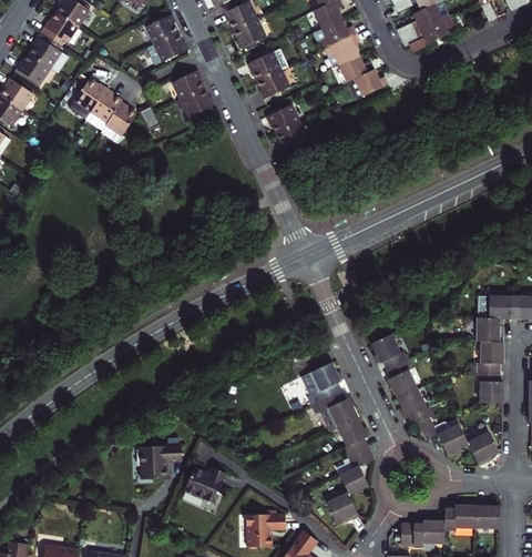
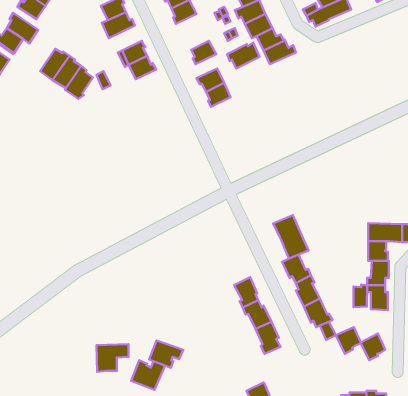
building: [246,48,286,80] -> [227,43,259,68]
building: none -> [273,215,308,259]
building: none -> [353,284,367,307]
building: none -> [149,341,183,368]
building: [338,448,372,494] -> none

